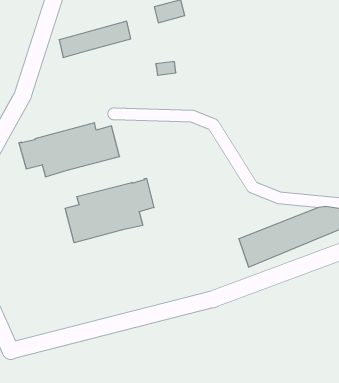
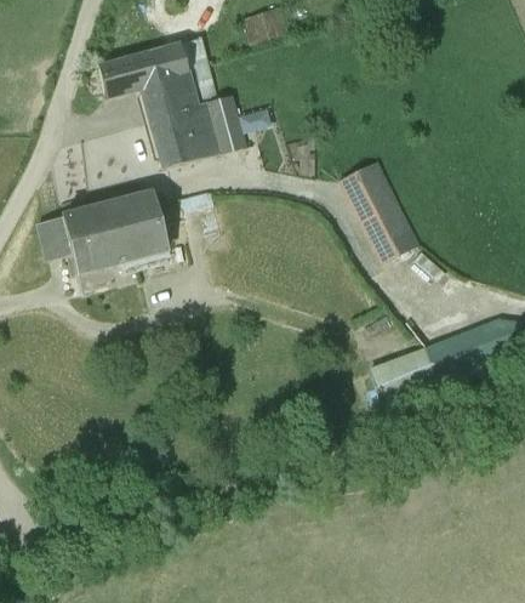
building: none -> [142,67,242,169]
building: none -> [339,163,417,263]
building: [65,178,154,243] -> none

